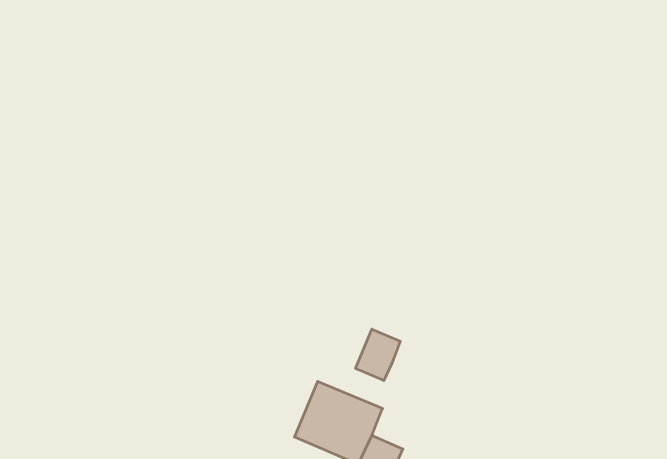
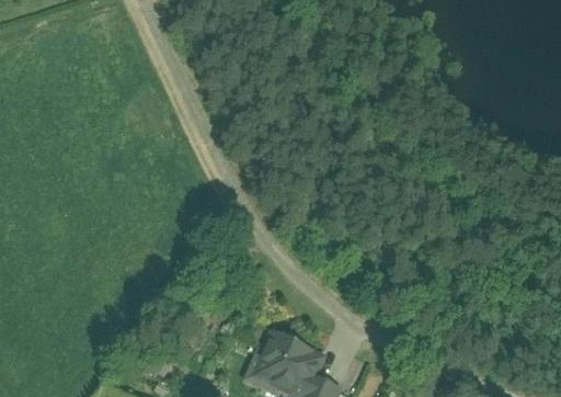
building: [356,329,400,381] -> none

